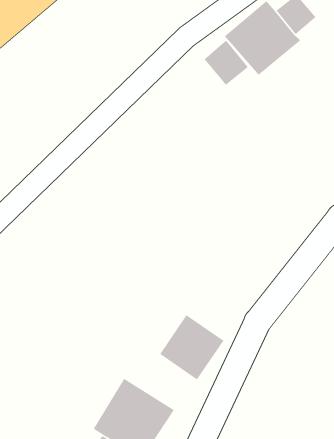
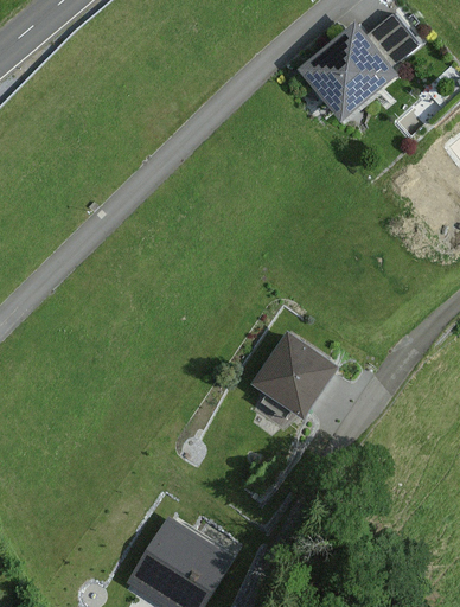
building: [203,40,249,86] -> none
building: [159,314,225,381] -> [253,332,338,418]

